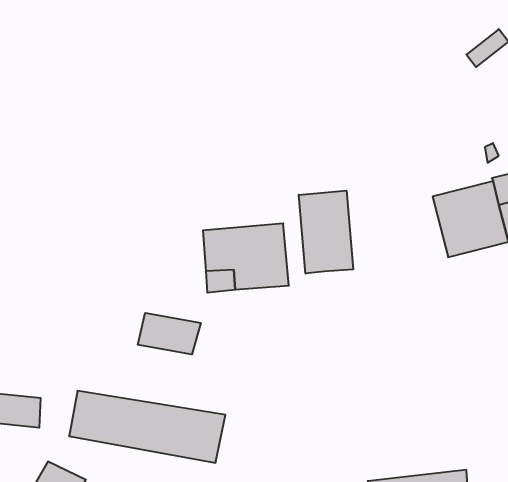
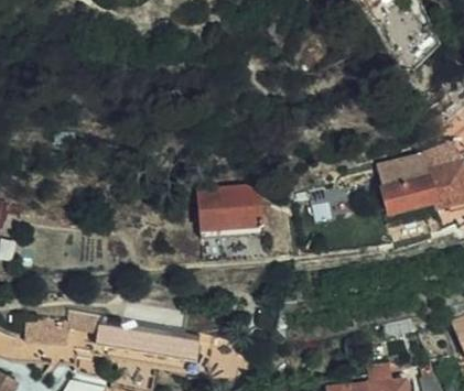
building: [299,191,353,274] -> none
building: [138,313,201,354] -> none

